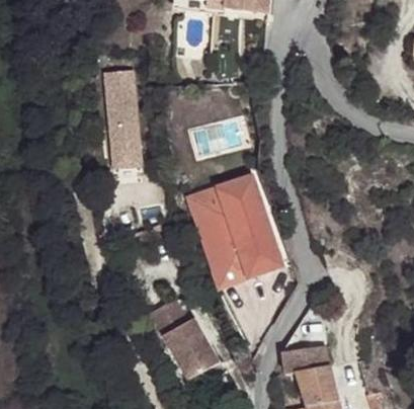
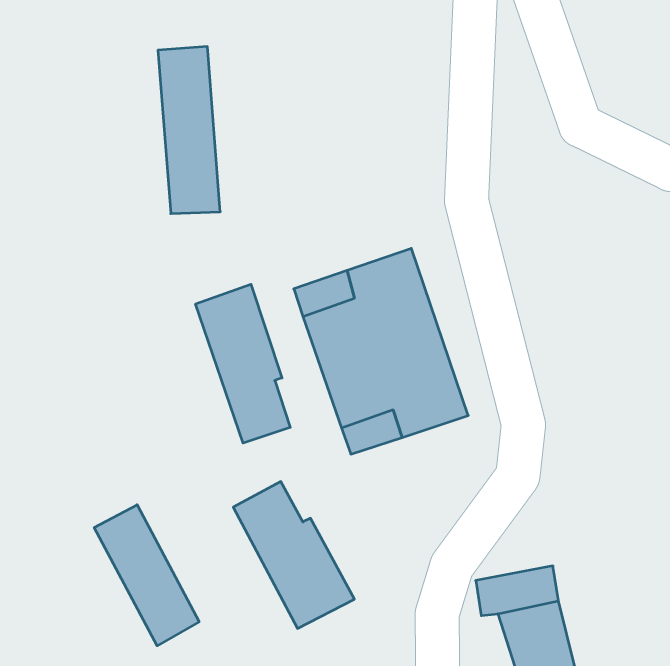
building: none -> [196,284,290,443]
building: none -> [94,505,199,646]

